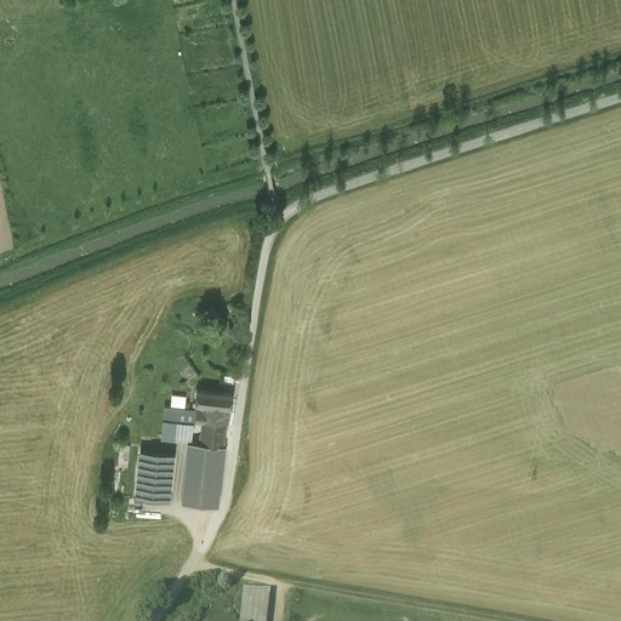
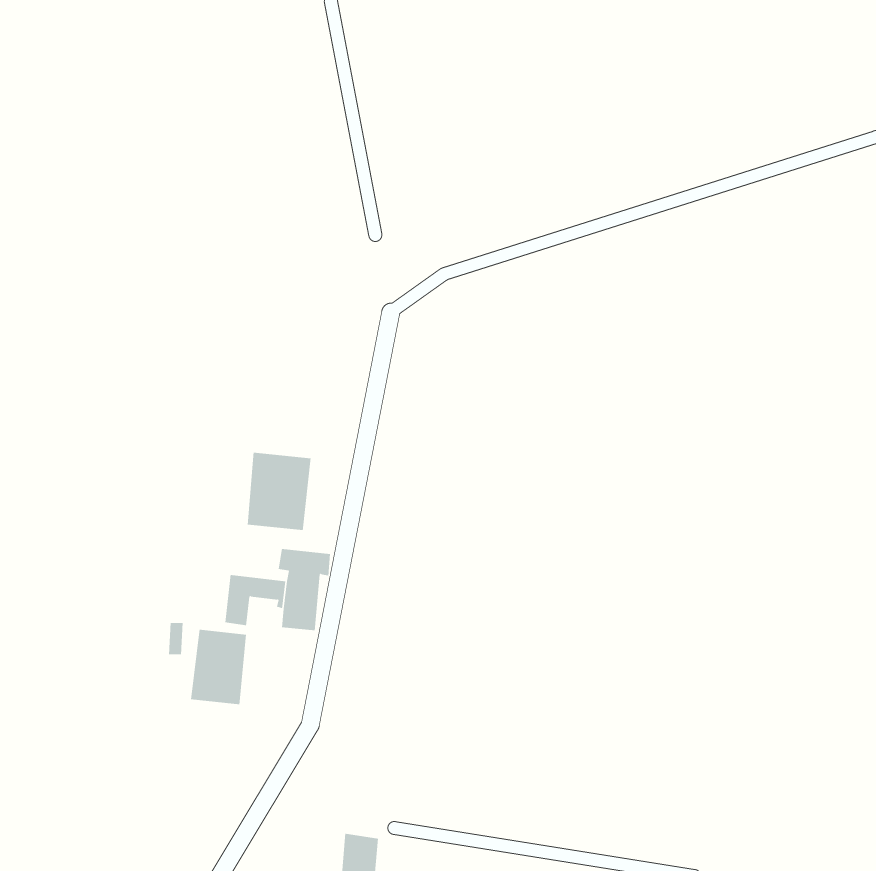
building: none -> [247,452,311,531]
building: [184,446,223,507] -> none

